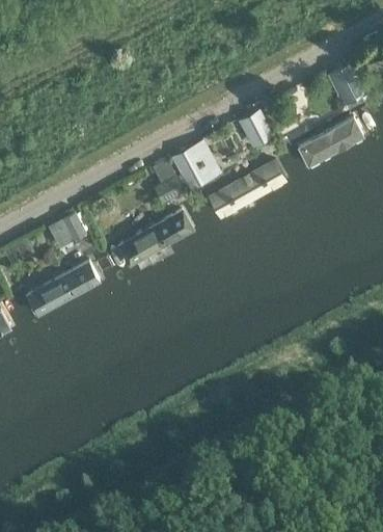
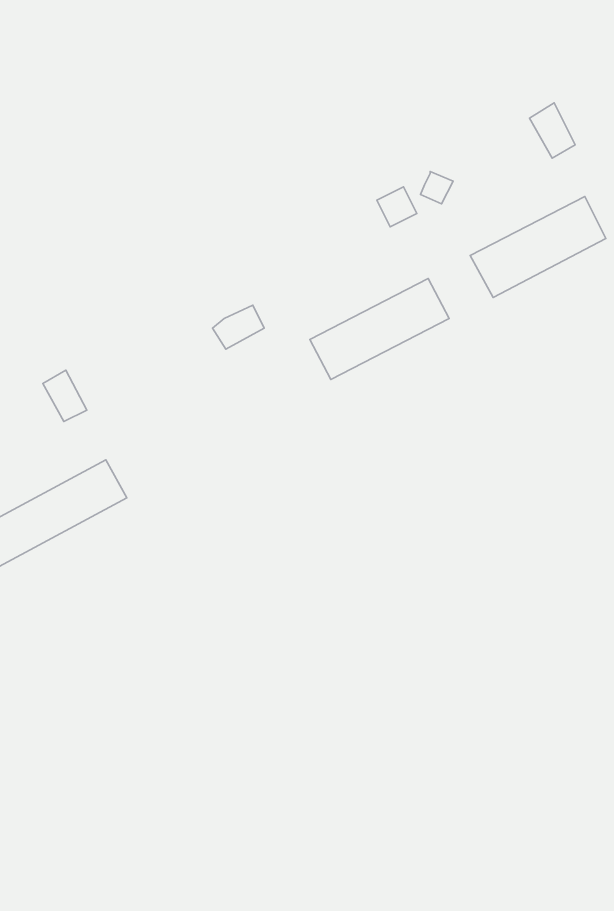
building: [170,143,210,187] -> none
building: [115,209,194,265] -> none

